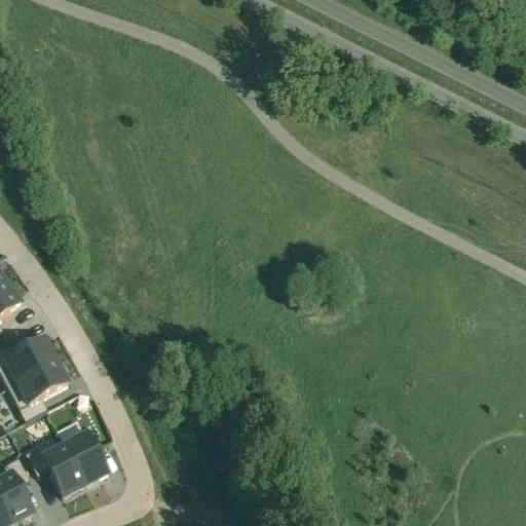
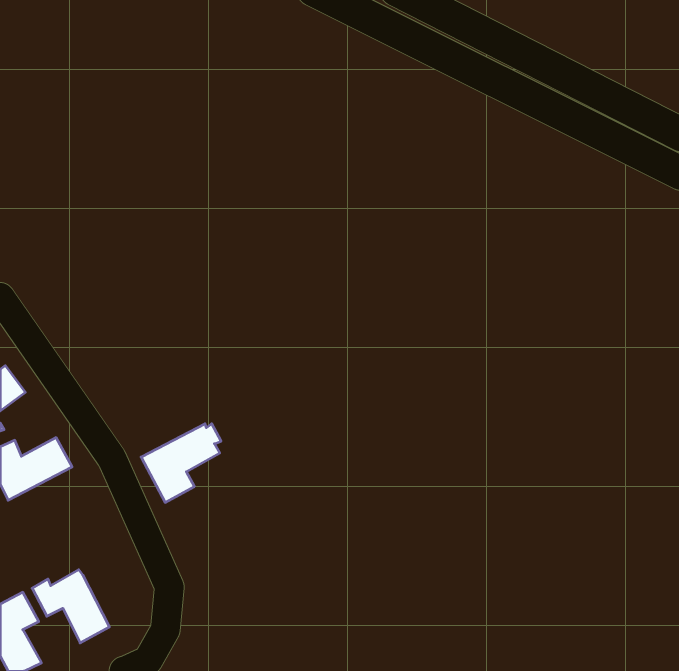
building: [8,360,70,420] -> [141,424,221,502]
building: [66,431,109,483] -> none

